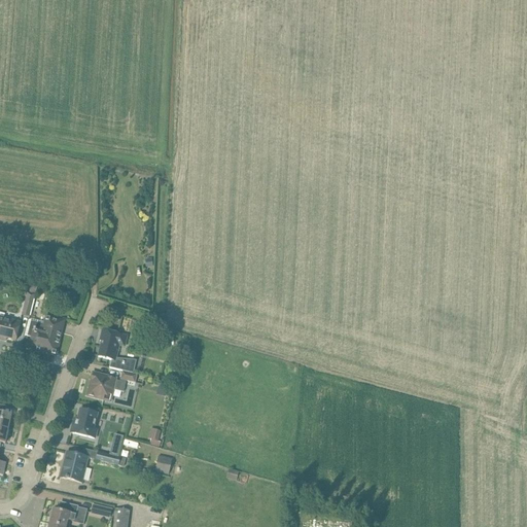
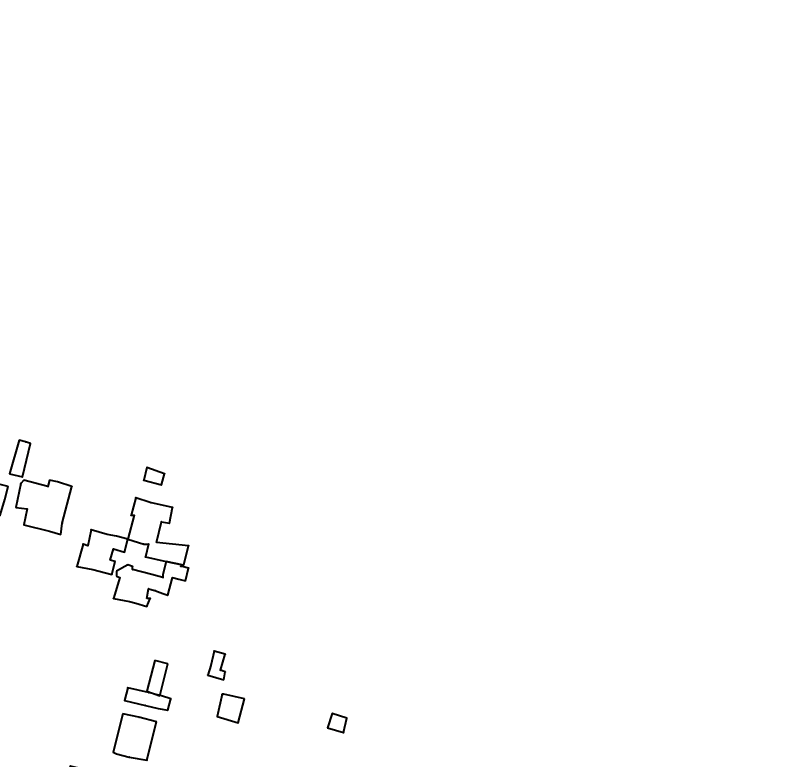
building: [71,408,104,436] -> [77,530,128,574]
building: [60,451,87,481] -> [113,714,156,760]

